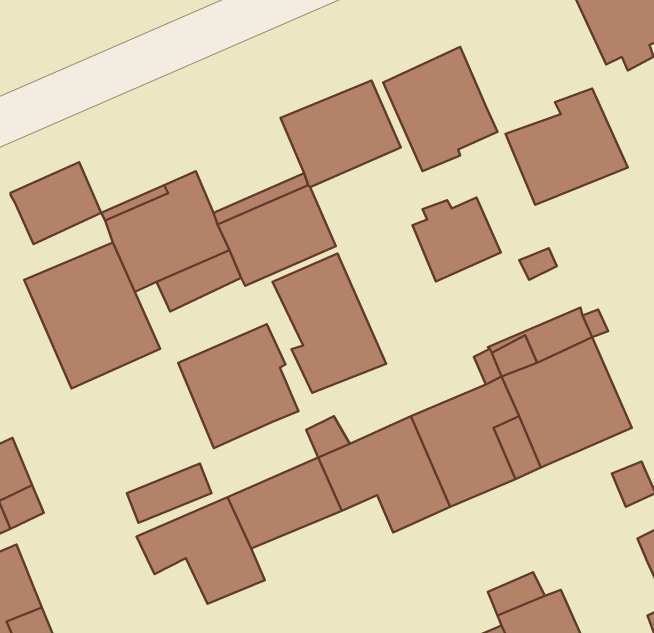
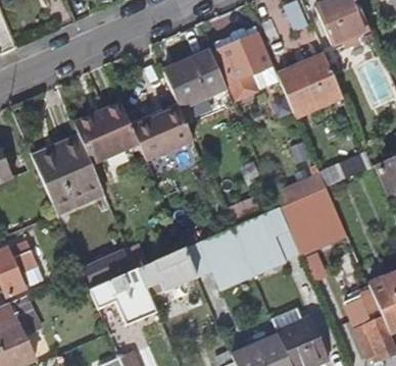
building: [10,162,101,244] -> none
building: [413,197,501,282] -> none
building: [272,253,386,393] -> none
building: [178,324,299,448] -> none

